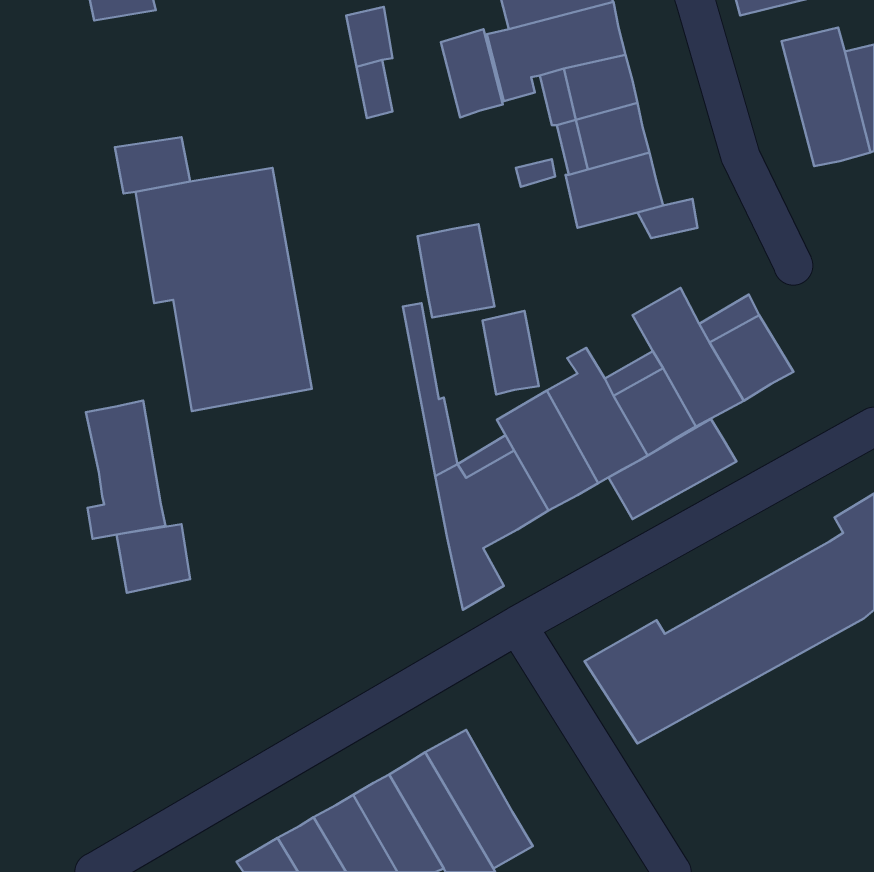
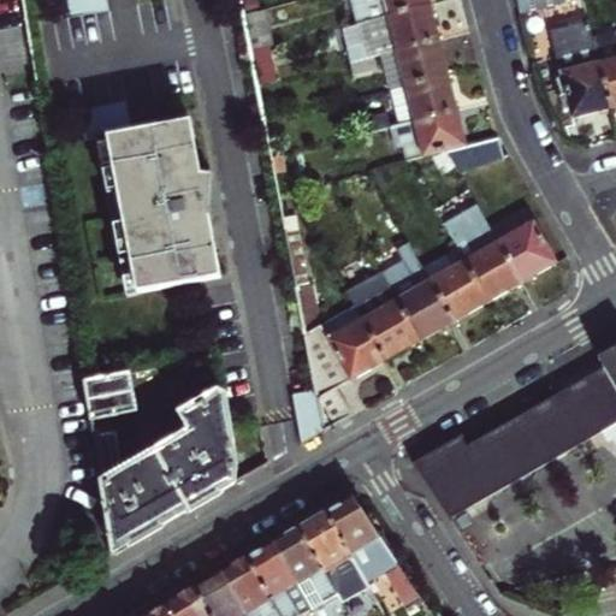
building: [441,29,503,118] -> none
building: [418,224,494,317] -> none
building: [482,311,539,395] -> none
building: [86,400,165,539] -> none
building: [608,419,737,519] -> none
building: none -> [295,378,325,443]
building: none -> [90,390,233,549]
building: none -> [327,497,413,598]

